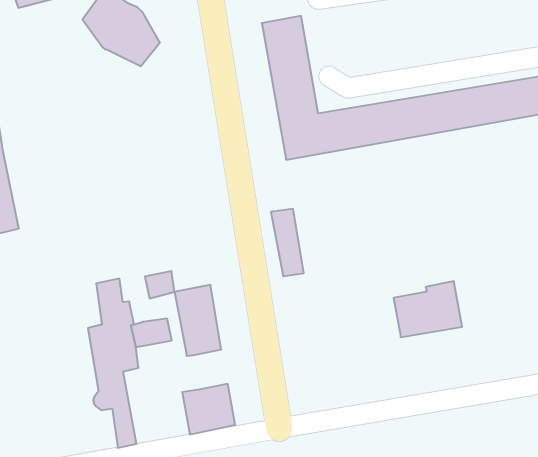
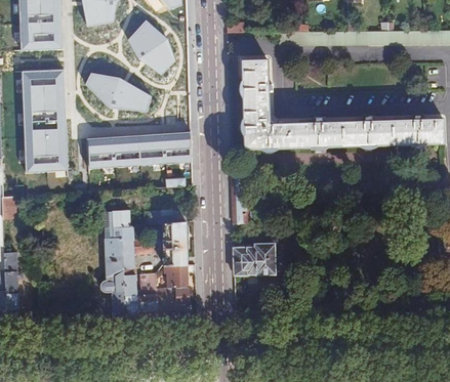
building: none -> [87,77,153,114]
building: none -> [87,135,192,169]
building: [394,281,462,337] -> [233,242,274,272]
building: none -> [167,262,187,286]
building: none -> [121,266,158,314]

